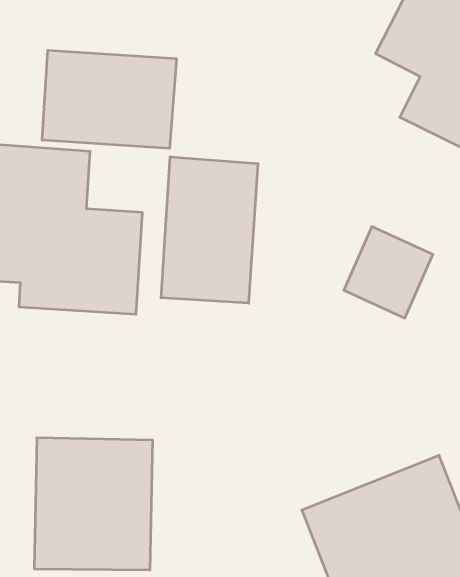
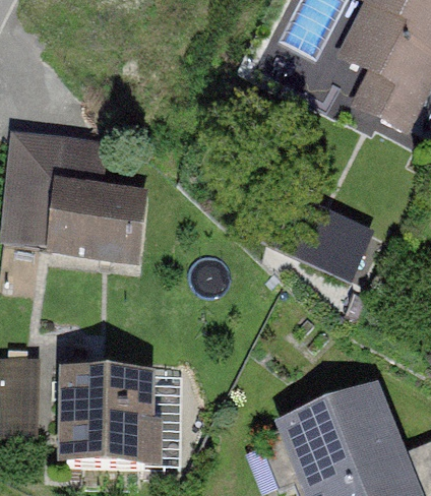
building: [42,50,176,148] -> none
building: [161,157,258,303] -> none

